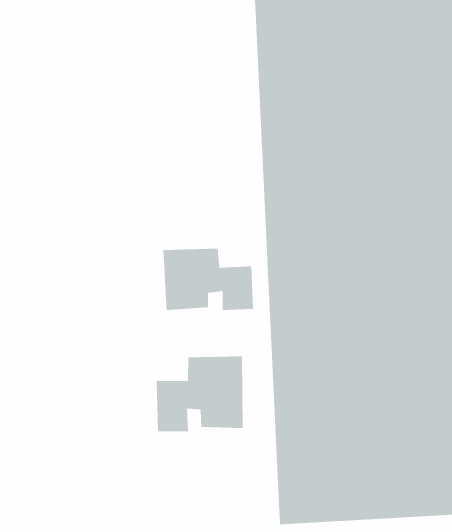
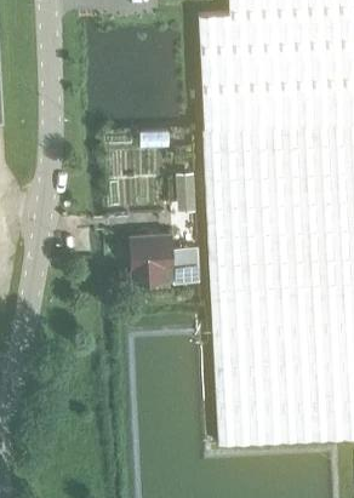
building: [156,355,243,432] -> none

